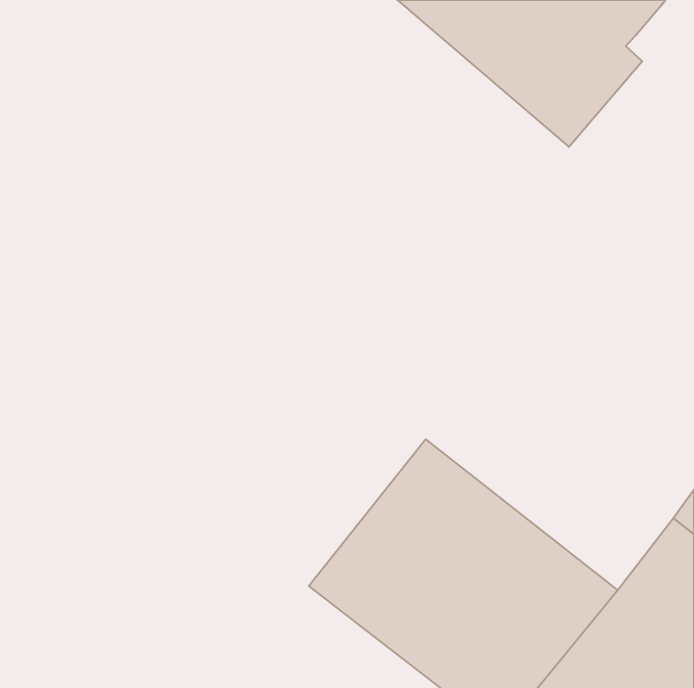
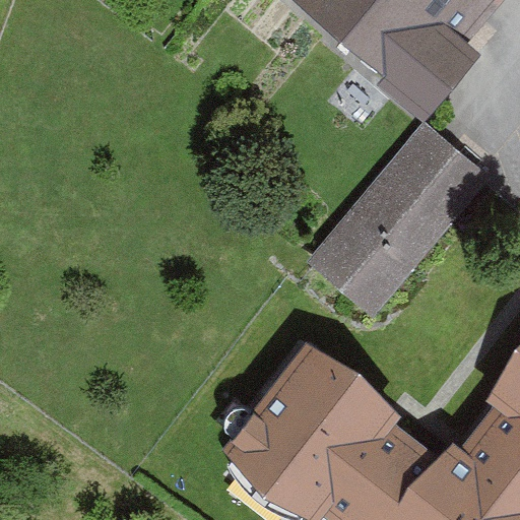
building: none -> [305,124,486,317]

